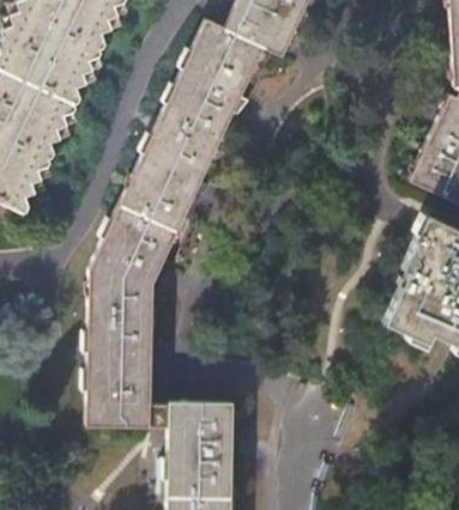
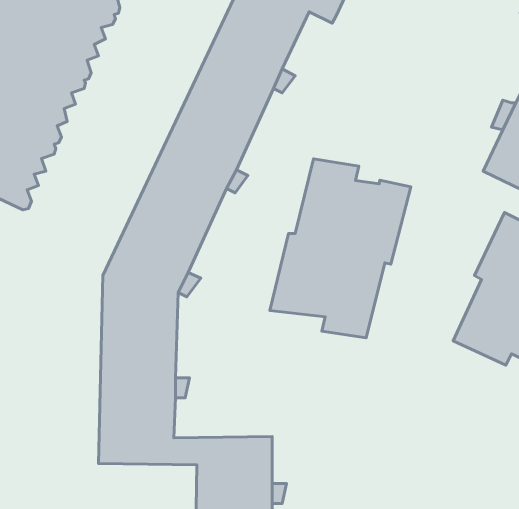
building: none -> [270,159,411,338]

